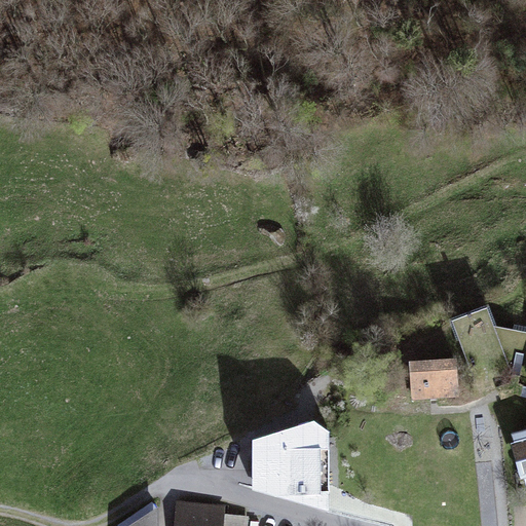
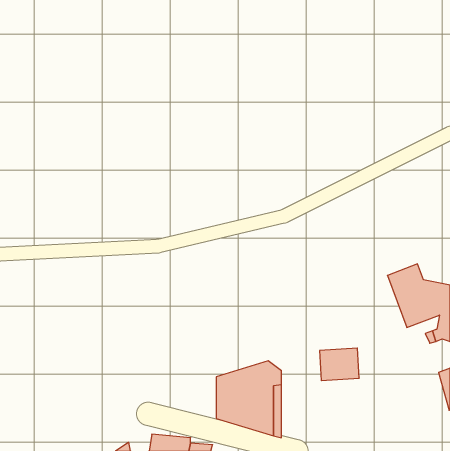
building: [410,360,456,398] -> [320,348,359,381]

